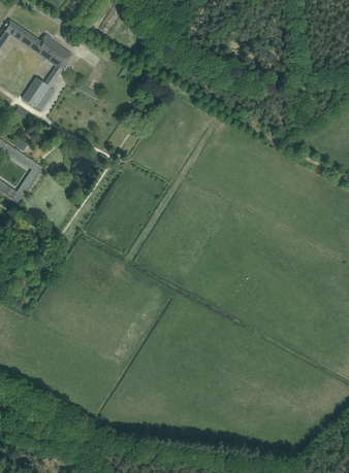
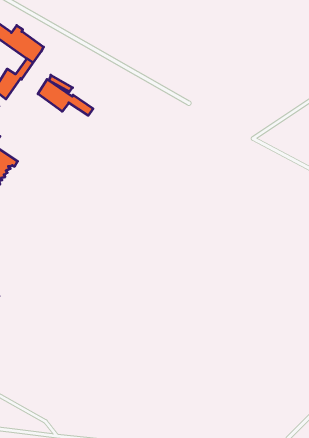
building: none -> [38,79,93,115]

